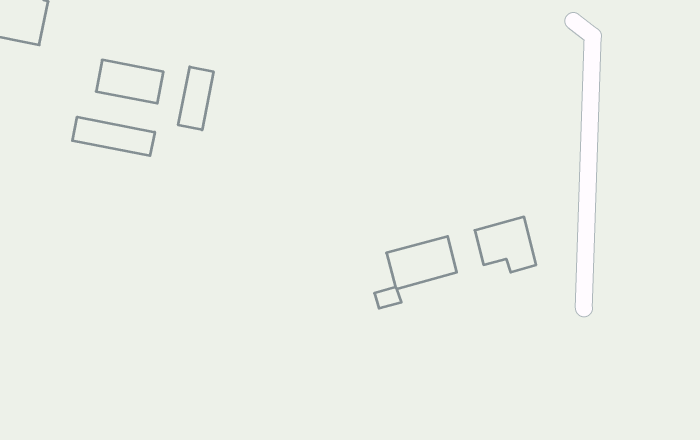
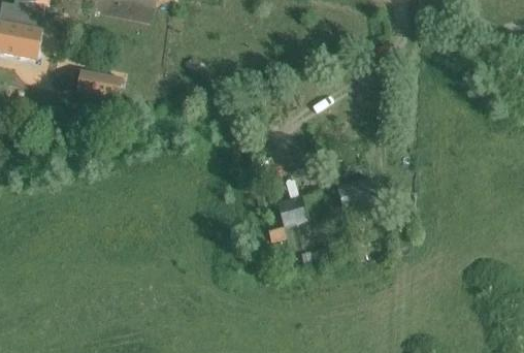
building: [178,67,213,130] -> none
building: [72,117,155,156] -> none

